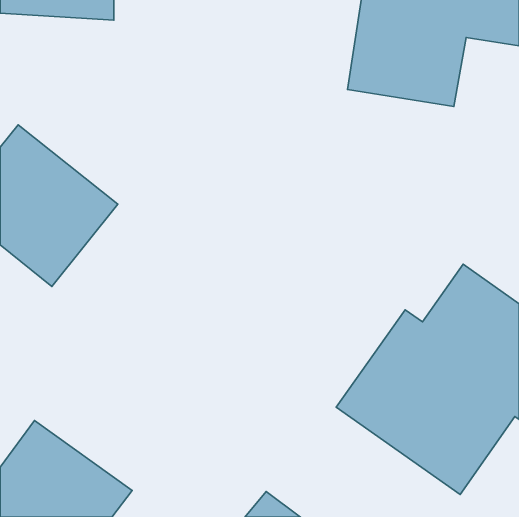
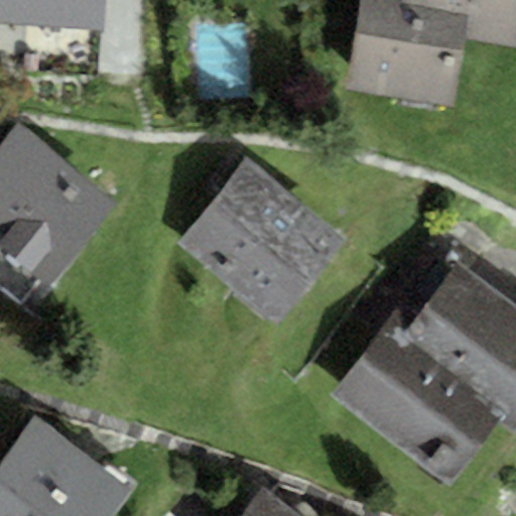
building: none -> [176,158,346,325]

